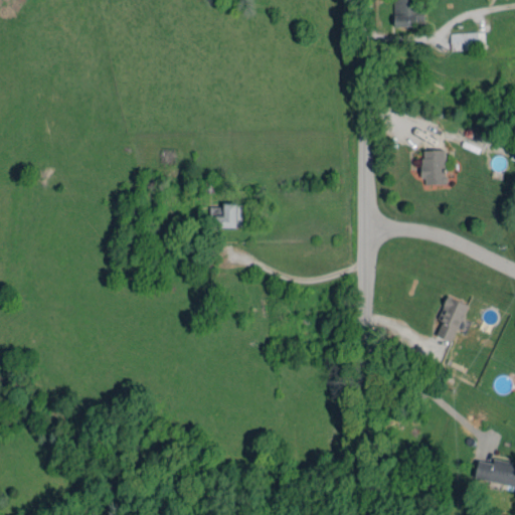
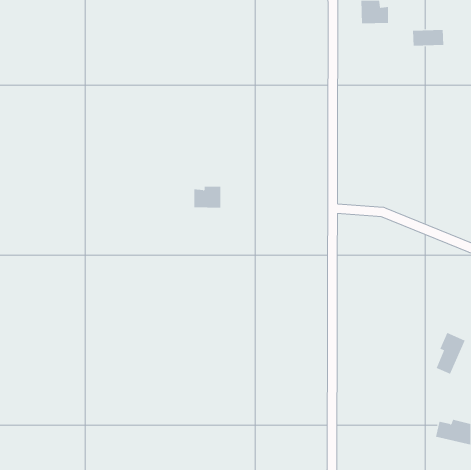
building: [422,151,447,185] -> none
building: [436,297,468,343] -> [436,332,465,375]

